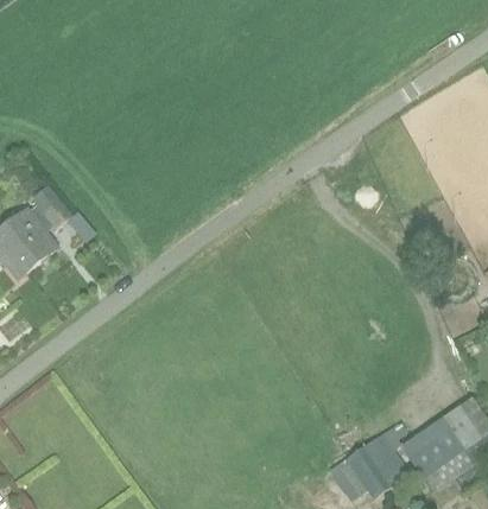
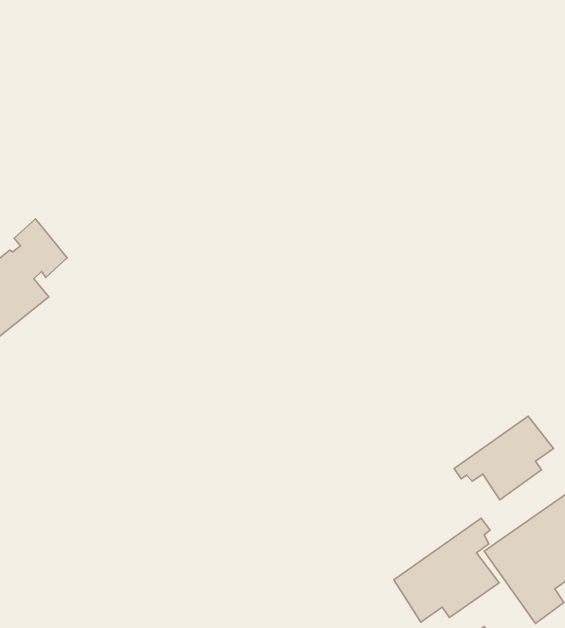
building: none -> [454,416,553,500]

